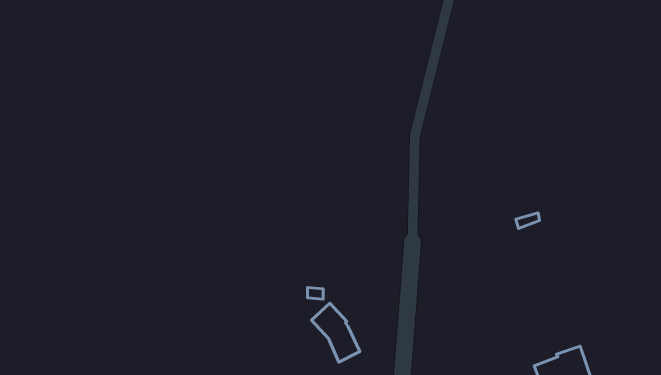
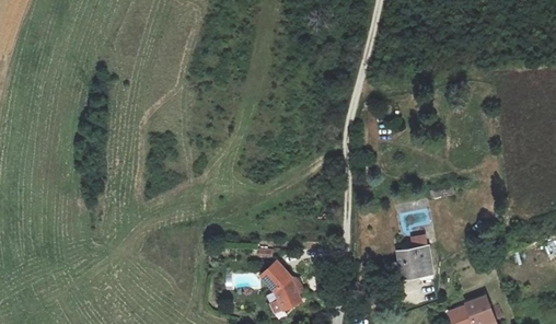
building: none -> [397,233,431,278]

